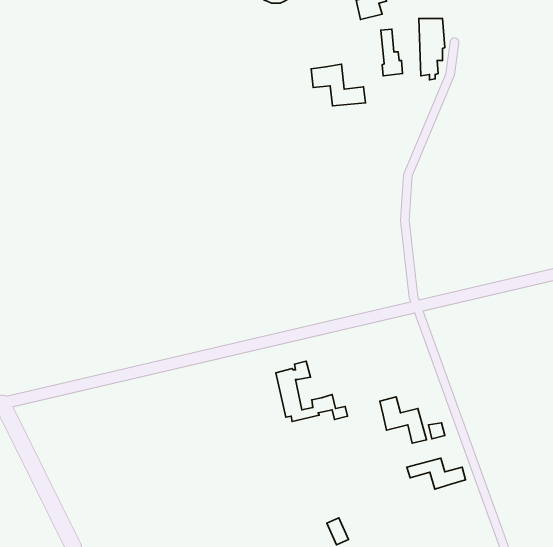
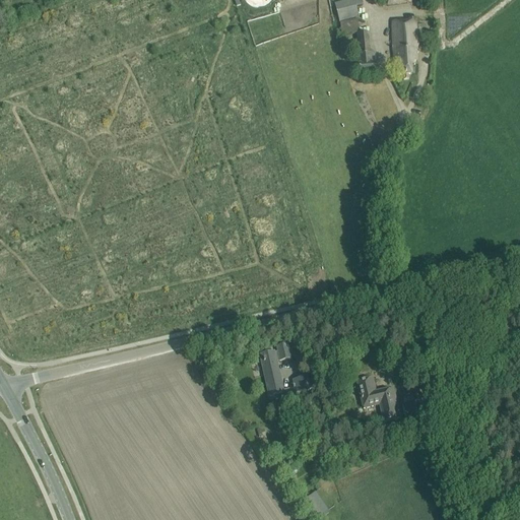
building: [311,64,366,106] -> none
building: [407,458,466,489] -> none

